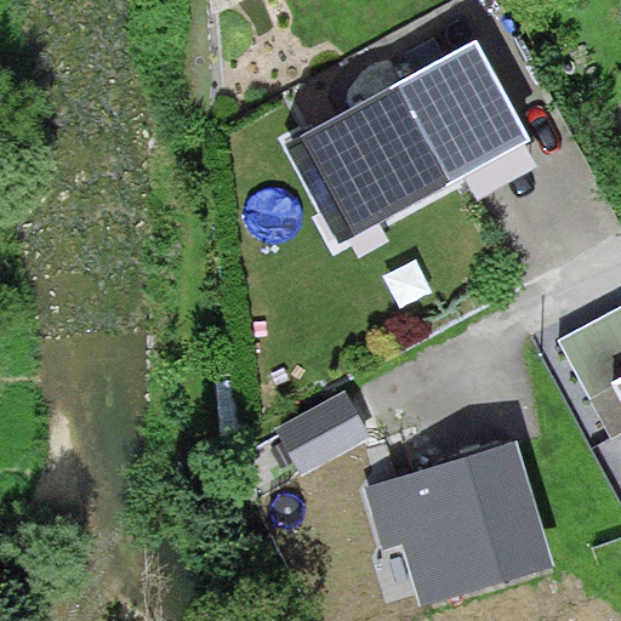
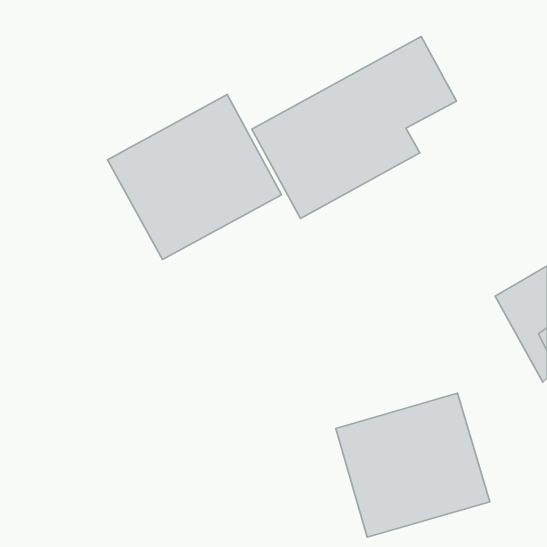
building: none -> [108,94,281,260]
building: [274,384,381,480] -> none

